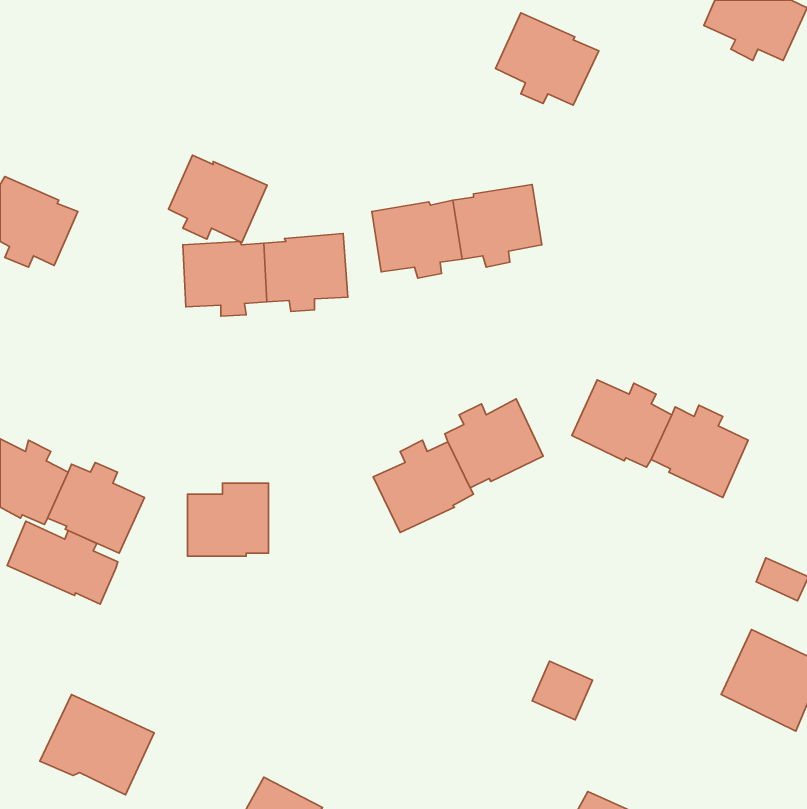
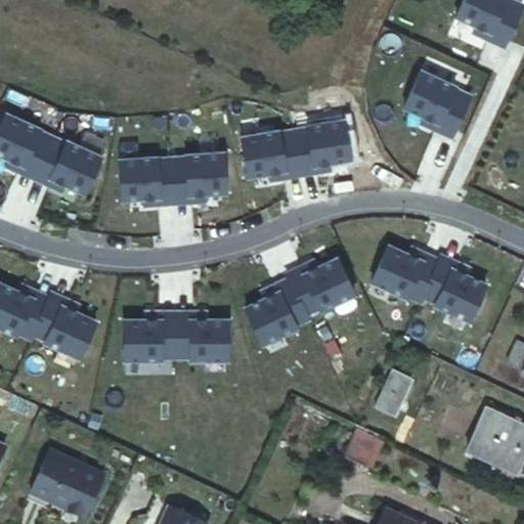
building: [495,13,599,105] -> [404,73,471,132]
building: [169,155,267,242] -> [38,138,101,194]
building: none -> [176,313,229,360]
building: [7,521,118,604] -> none
building: none -> [376,368,412,416]

